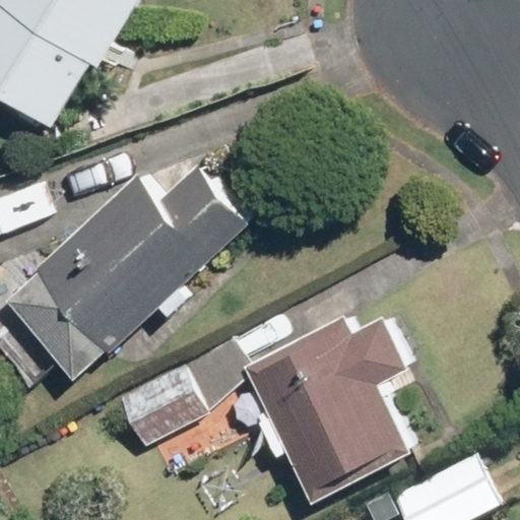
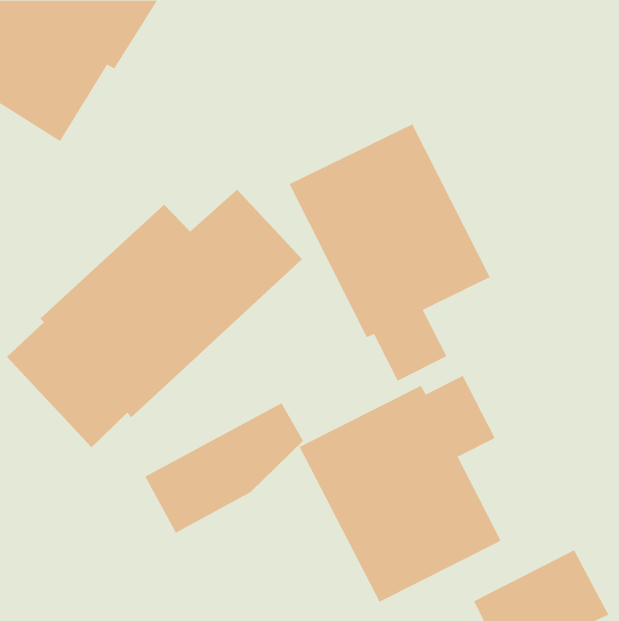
building: none -> [289,123,490,381]

